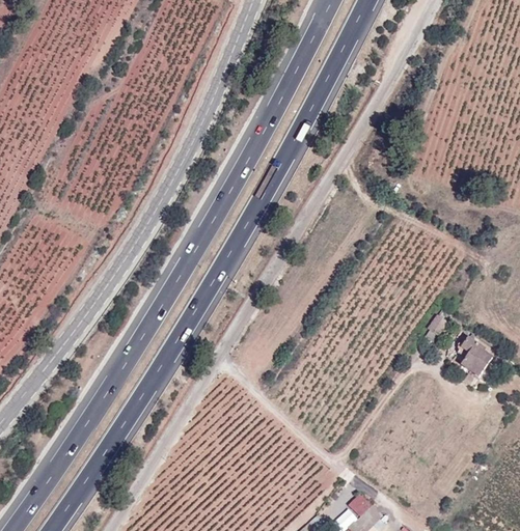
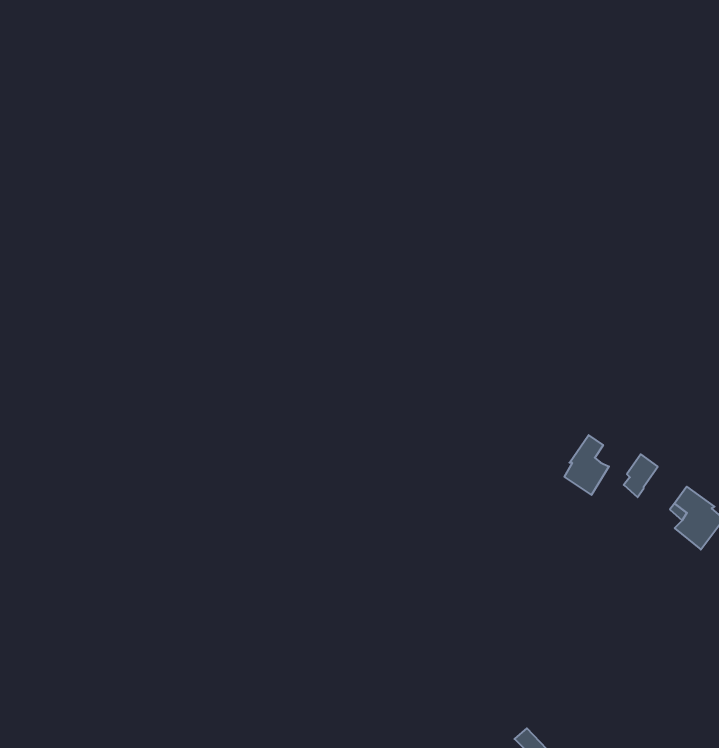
building: none -> [564,435,609,495]

